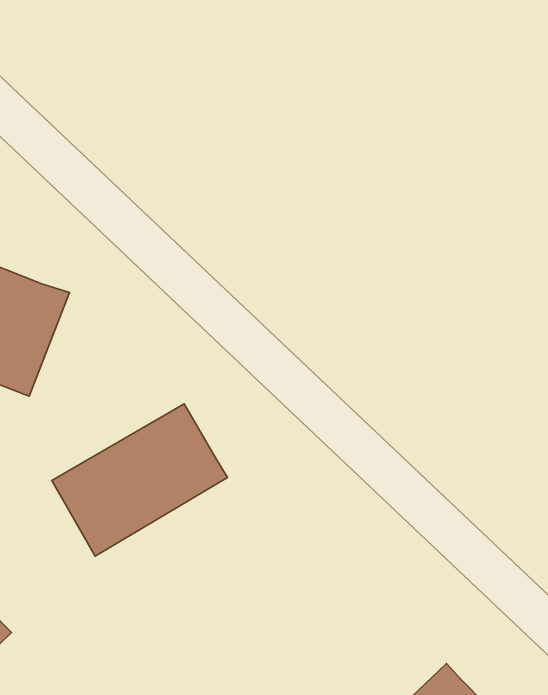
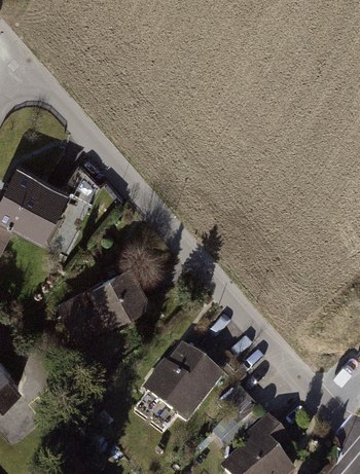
building: none -> [142,343,224,426]

